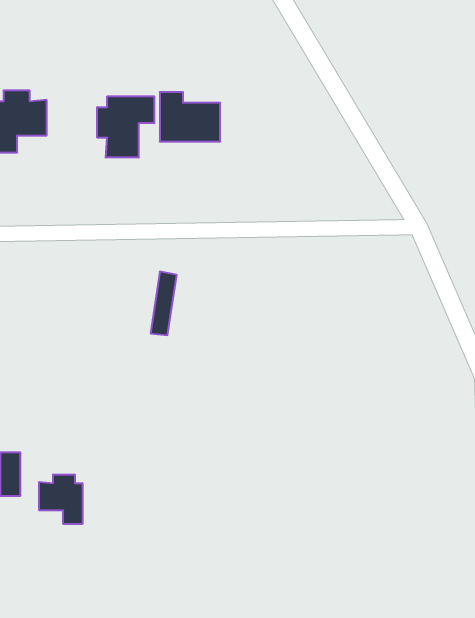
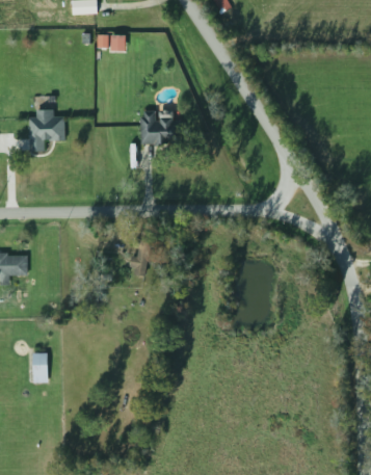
building: [97,96,154,158] -> none
building: [39,474,82,524] -> none

